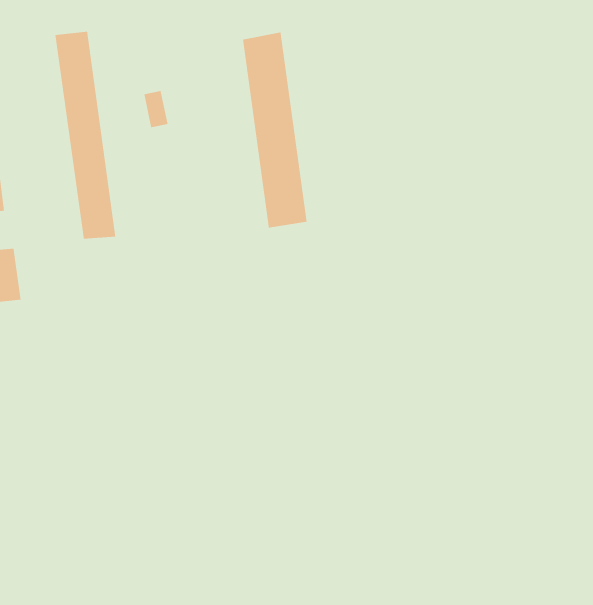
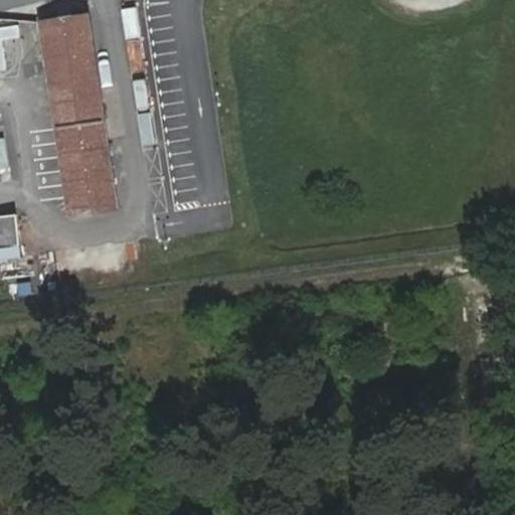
building: [242,32,307,228] -> none

